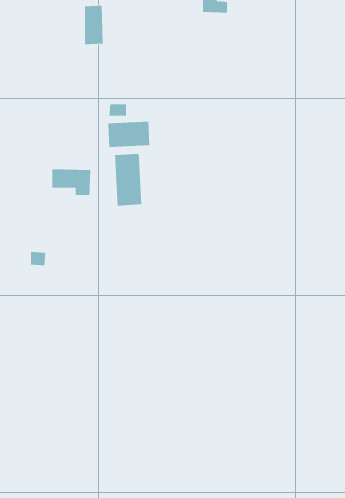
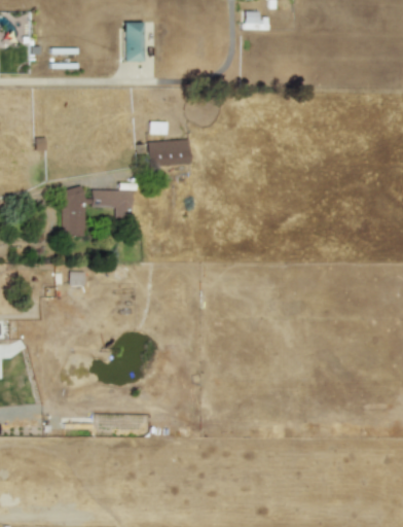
building: [115,153,142,206] -> none
building: none -> [62,189,85,237]

